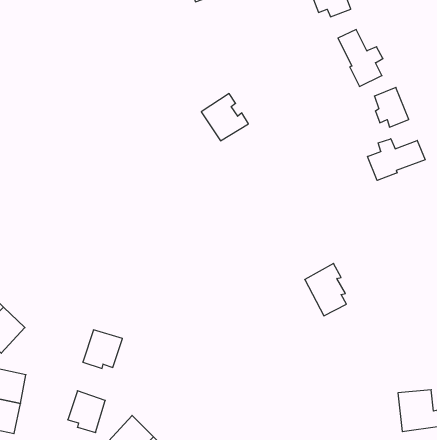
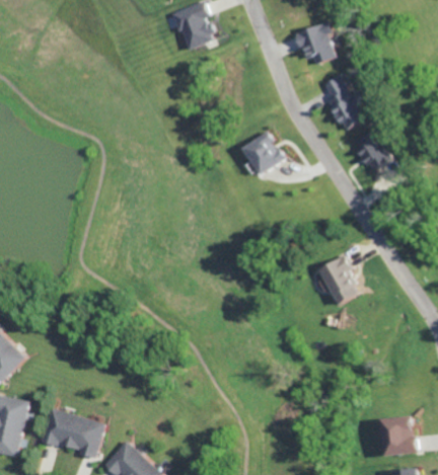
building: [201,94,248,141] -> [240,131,285,175]
building: [368,139,425,180] -> none
building: [305,263,346,316] -> [318,255,358,305]
building: [83,330,122,368] -> [39,409,76,446]

